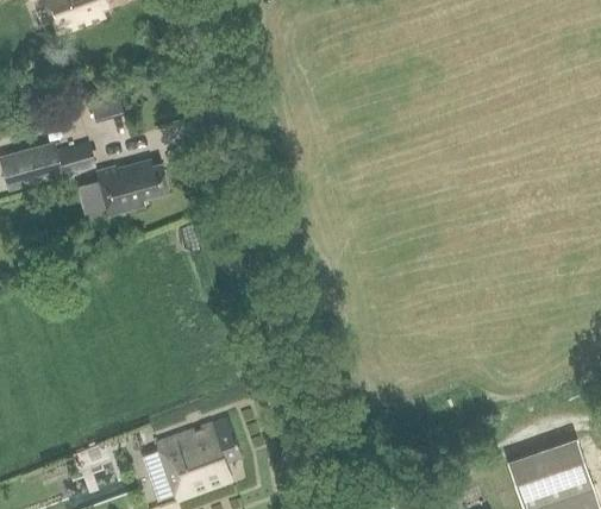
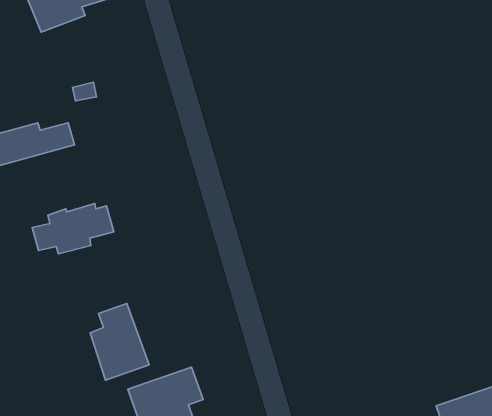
building: [77,158,170,215] -> [32,204,114,254]
building: none -> [90,303,149,380]

